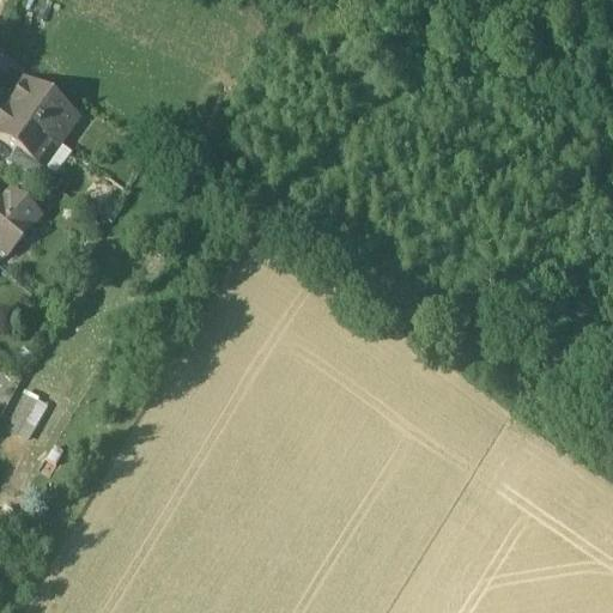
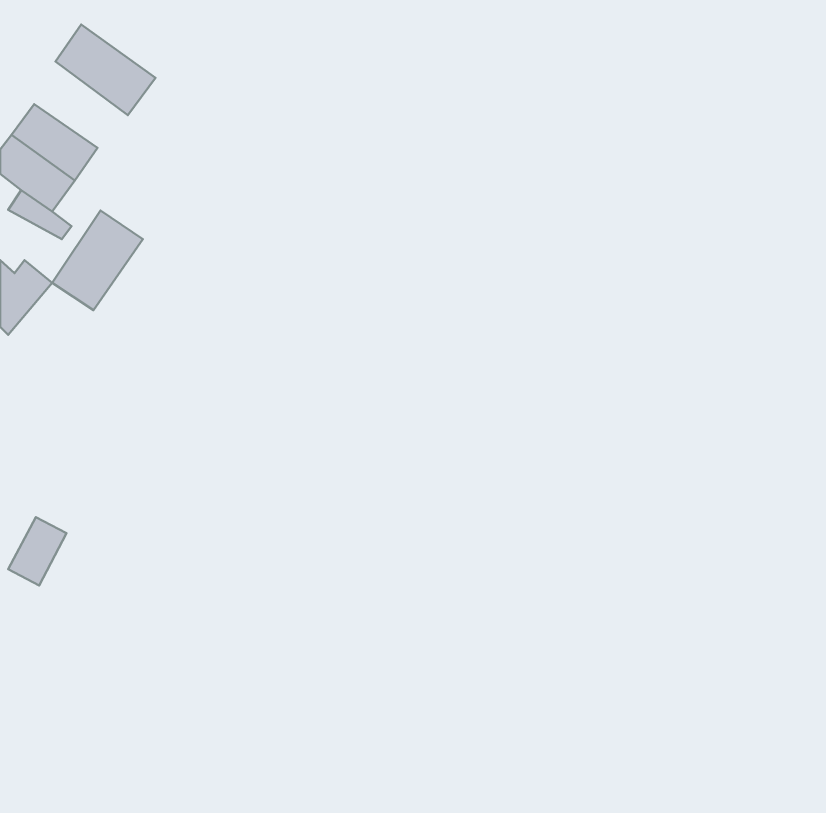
building: none -> [56,25,156,115]
building: none -> [52,210,143,310]

